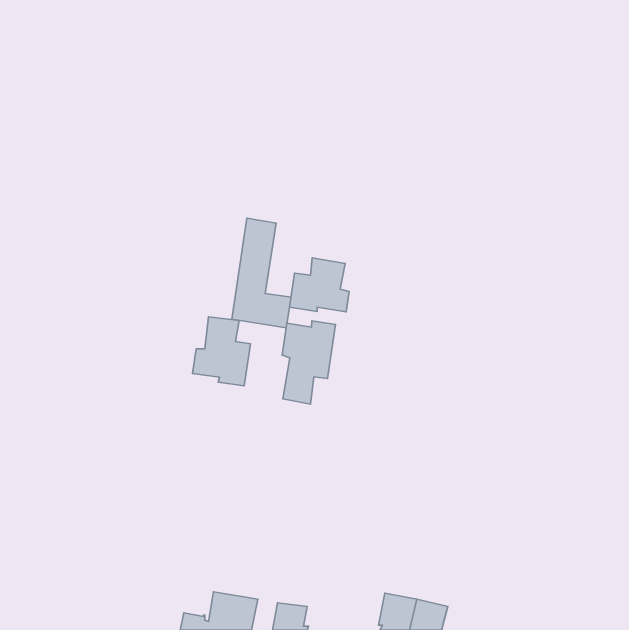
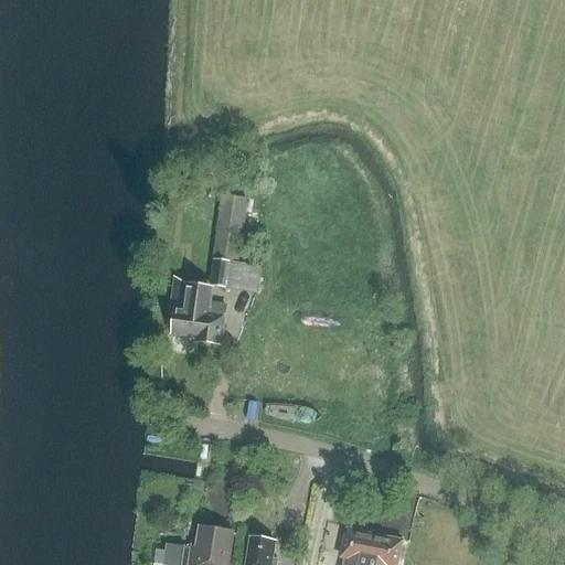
building: [290,258,349,312] -> none
building: [282,321,335,404] -> none

